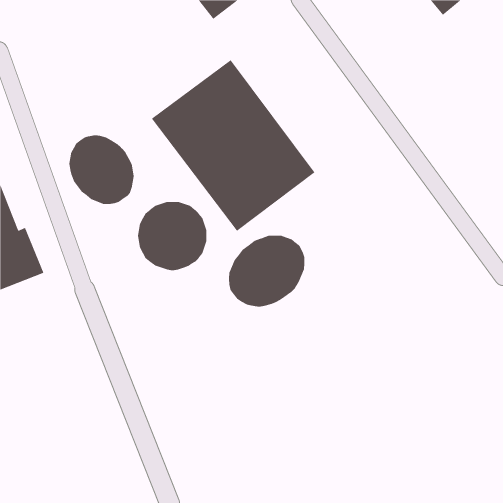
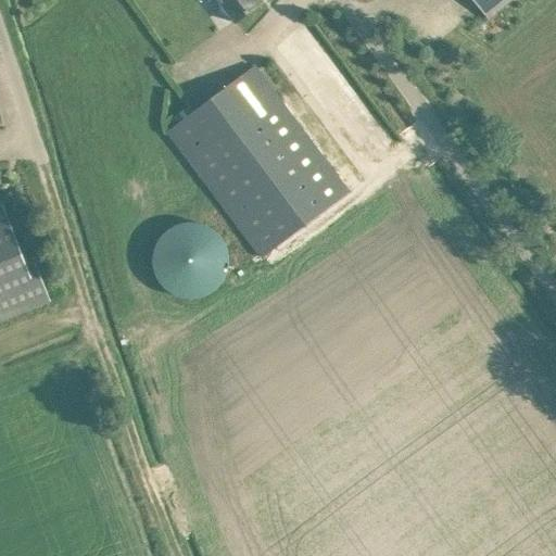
building: [68,134,135,205] -> none
building: [228,235,305,307] -> none

